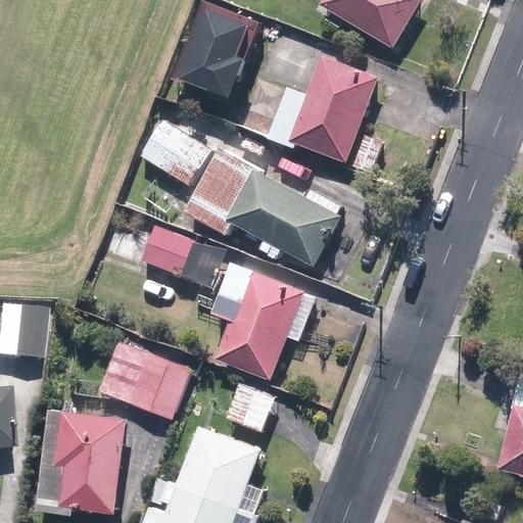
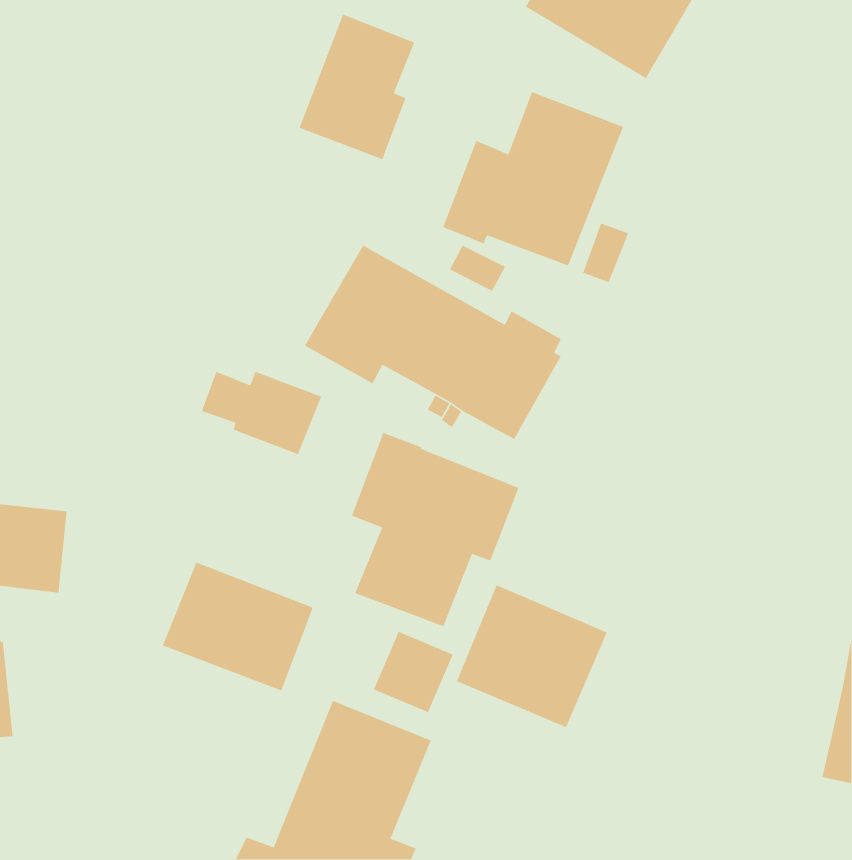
building: [140,118,210,185] -> none
building: none -> [456,584,608,728]
building: [36,409,126,514] -> none

